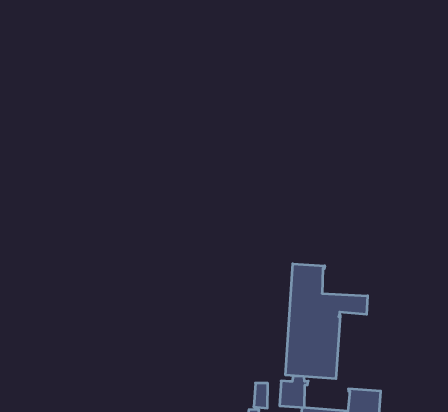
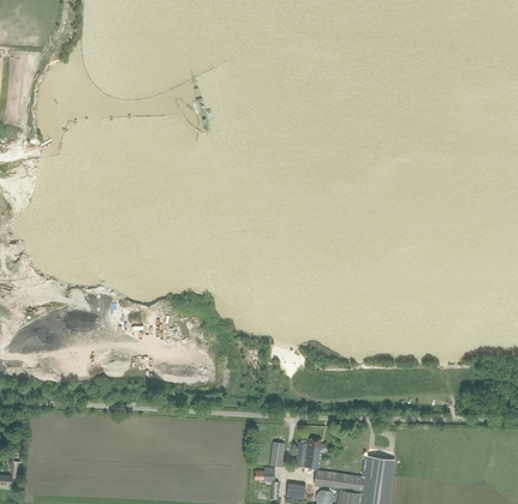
building: [286,264,368,379] -> none

